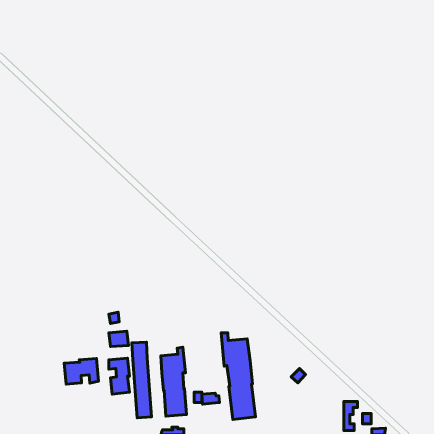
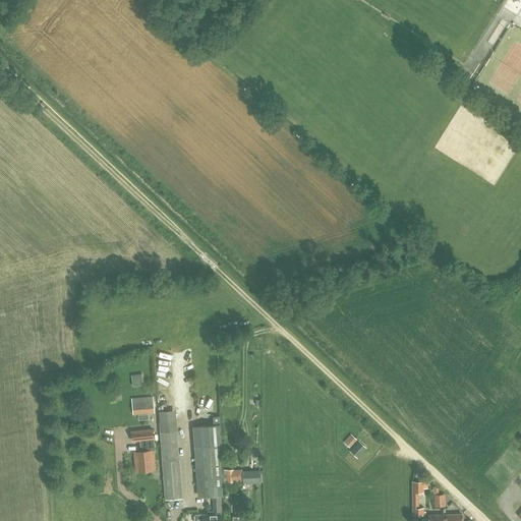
building: [221,333,255,419] -> none
building: [64,358,99,384] -> none

